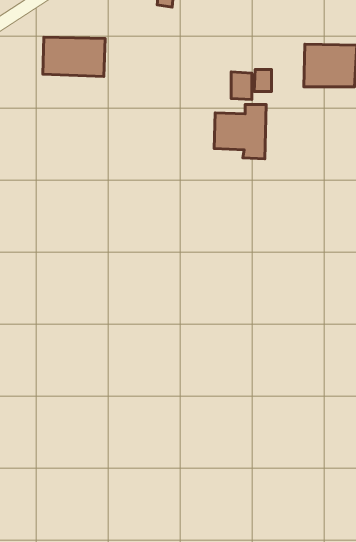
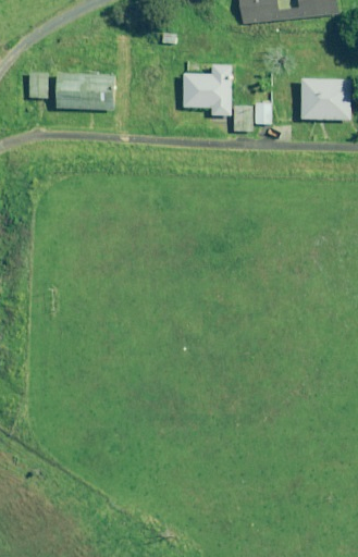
building: none -> [27,71,48,97]
building: [214,105,266,159] -> [182,64,231,115]

